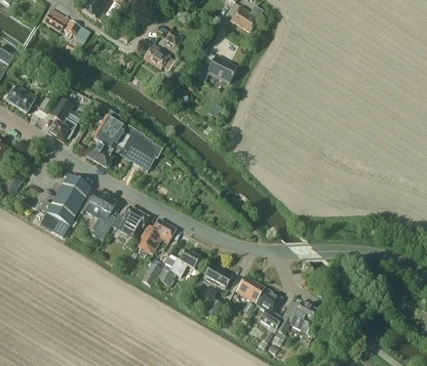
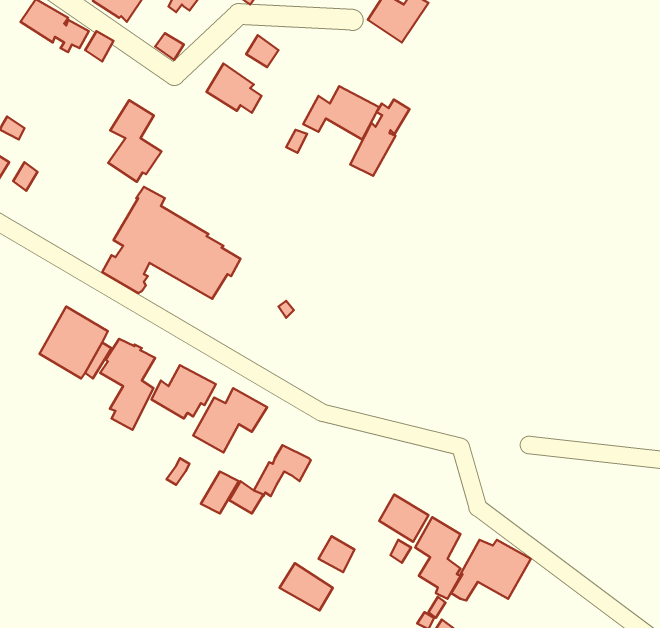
building: none -> [350,99,409,176]
building: [48,97,77,141] -> [108,100,161,182]
building: [39,200,76,237] -> none
building: [203,263,232,289] -> [280,563,333,611]

